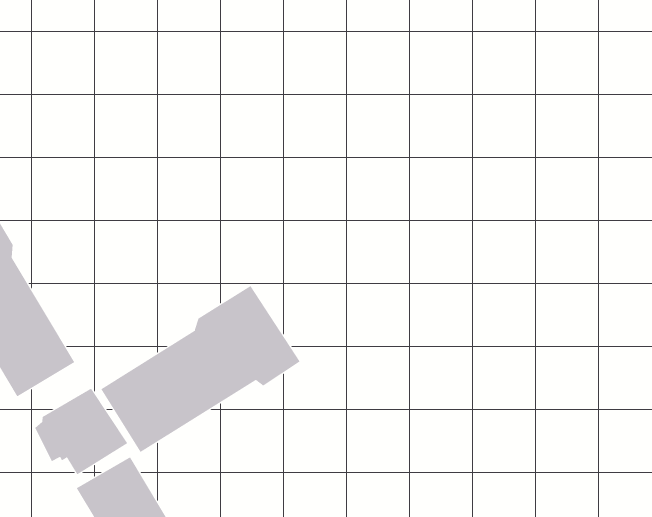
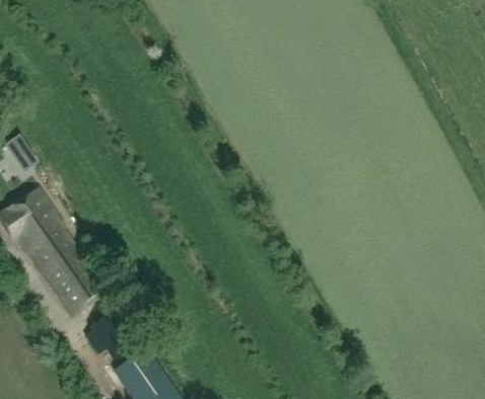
building: [101,285,301,453] -> none

